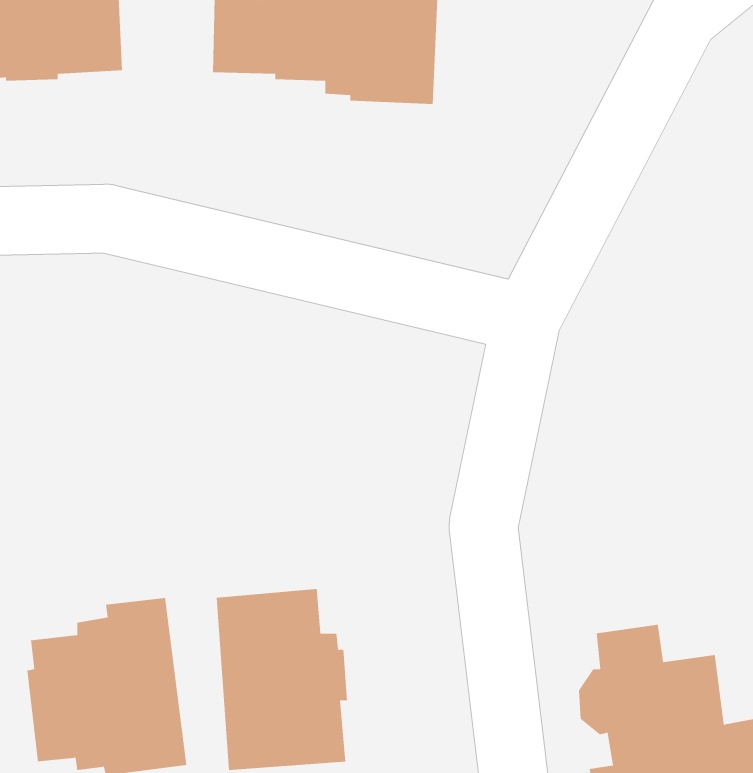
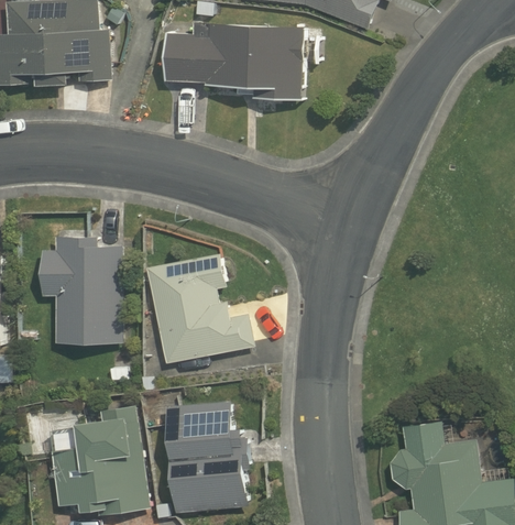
building: none -> [42,236,121,344]
building: none -> [146,251,253,362]

